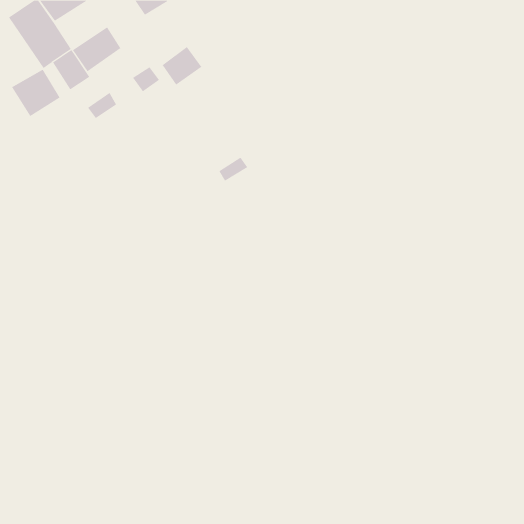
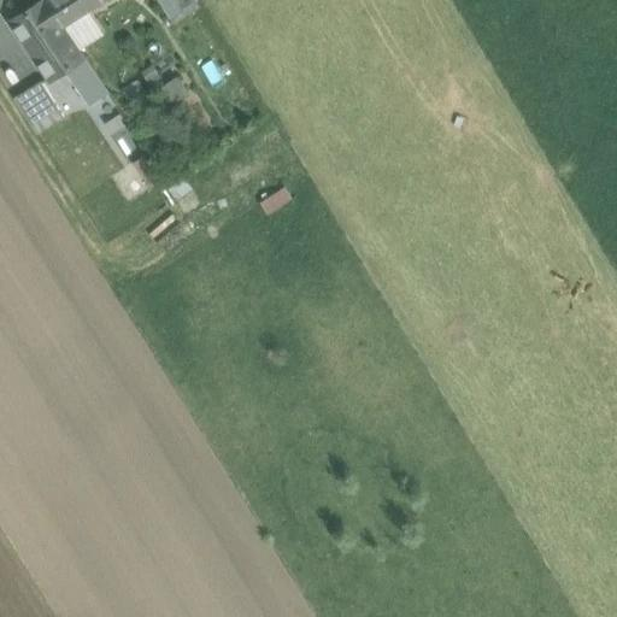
building: [72,26,121,72] -> none
building: [162,46,202,85] -> none

